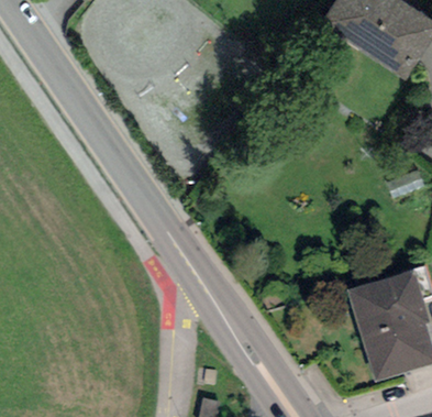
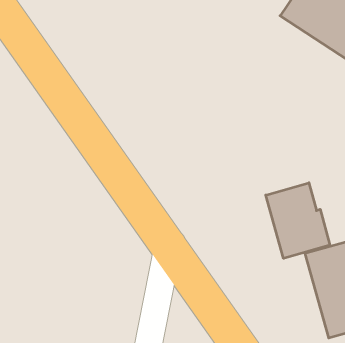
building: none -> [266,183,330,258]

